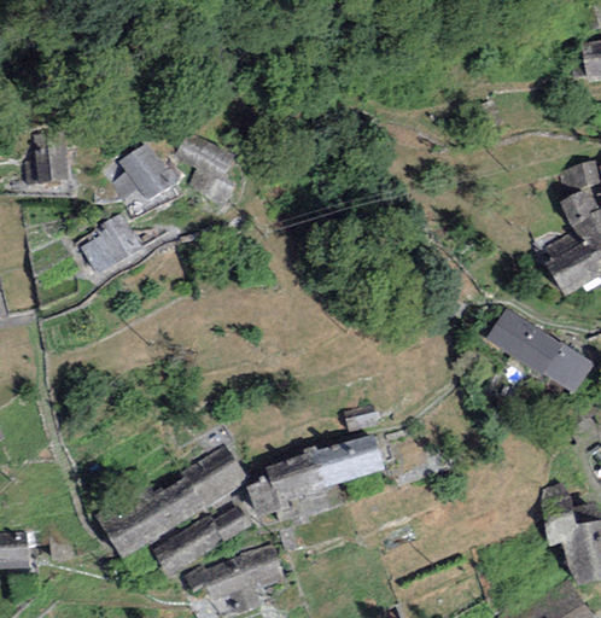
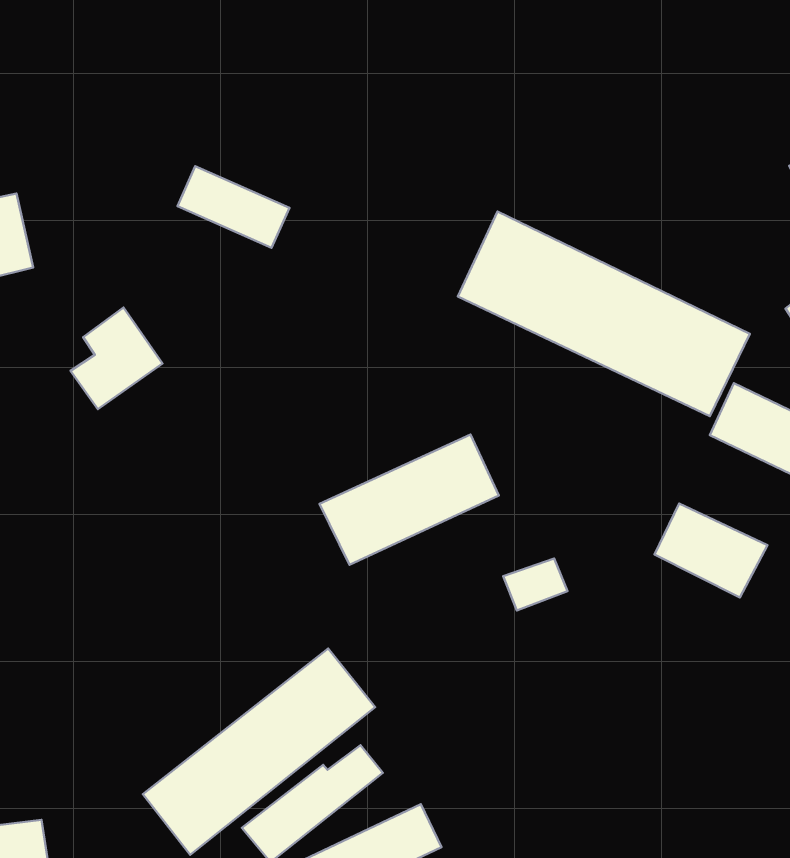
building: [106,142,176,211] -> none
building: none -> [458,212,750,416]
building: none -> [654,504,767,597]
building: [269,438,384,512] -> [319,434,499,565]

